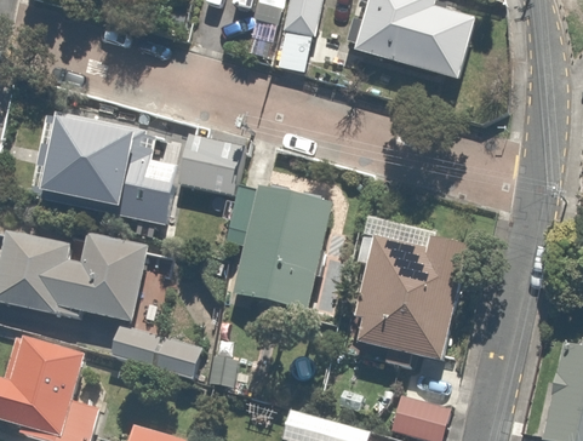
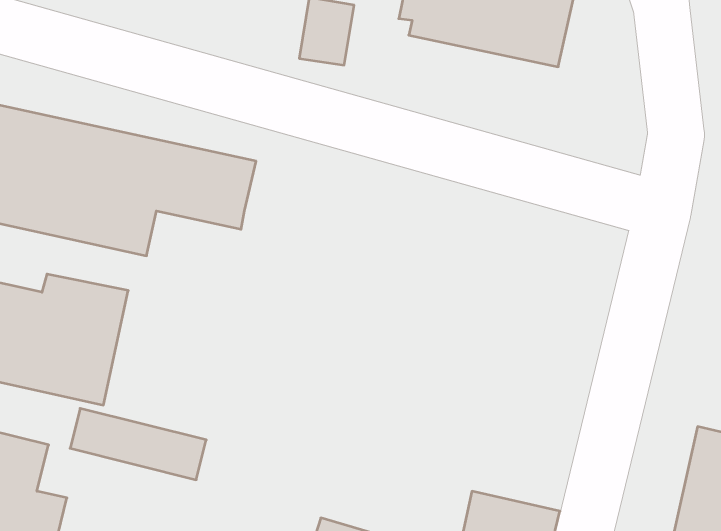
building: [224,183,330,317] -> none
building: [356,228,463,362] -> none

